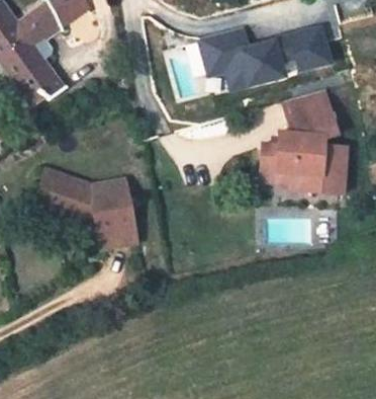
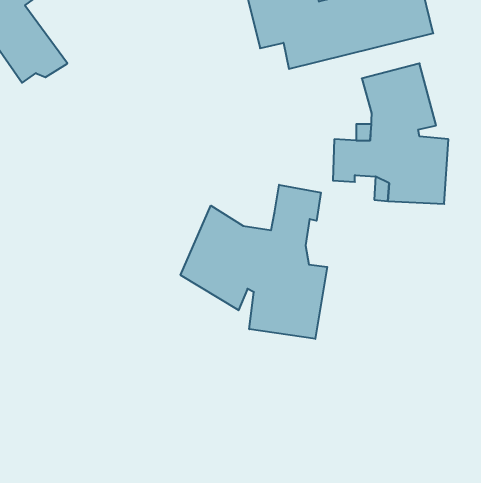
building: [30,168,129,248] -> none
building: none -> [181,185,327,339]

